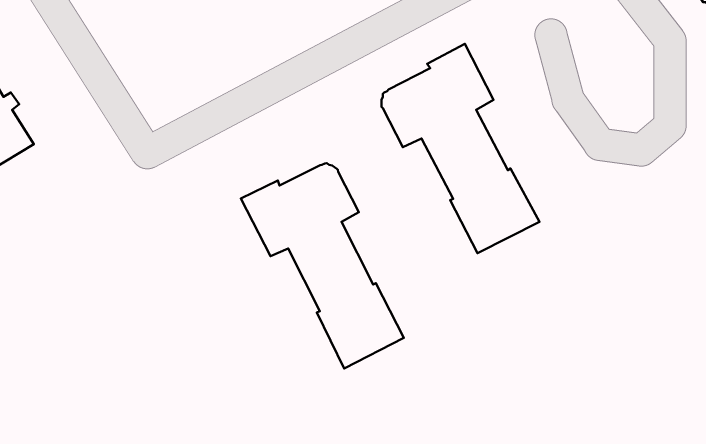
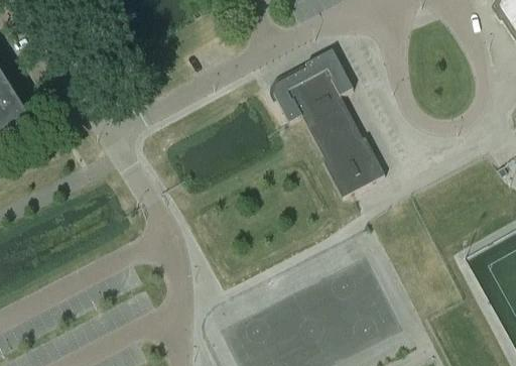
building: [241,163,404,369] -> none

